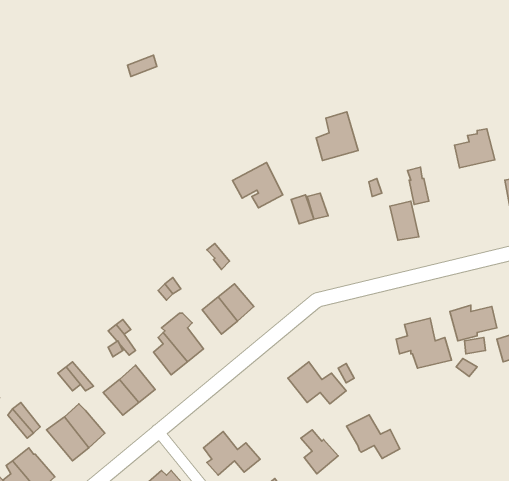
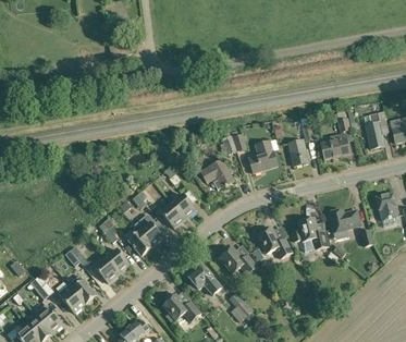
building: [316,112,358,160] -> [248,139,276,172]
building: [455,129,495,168] -> [321,132,348,158]
building: [233,163,283,208] -> [199,158,233,188]
building: none -> [186,266,221,294]
building: [346,415,400,459] -> [256,228,292,257]

